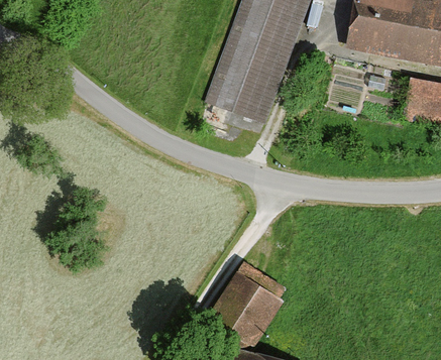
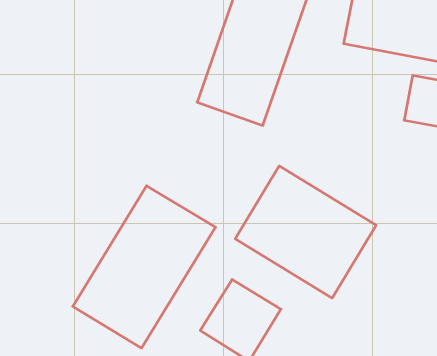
building: none -> [235,166,376,298]
building: none -> [73,186,216,348]

